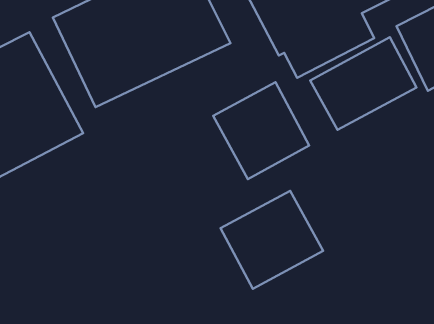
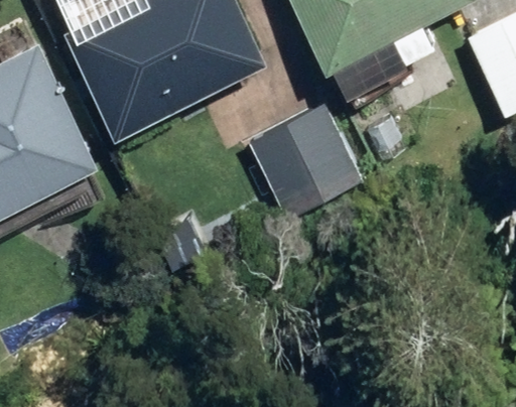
building: [310,37,416,130] -> none
building: [220,191,323,289] -> none

